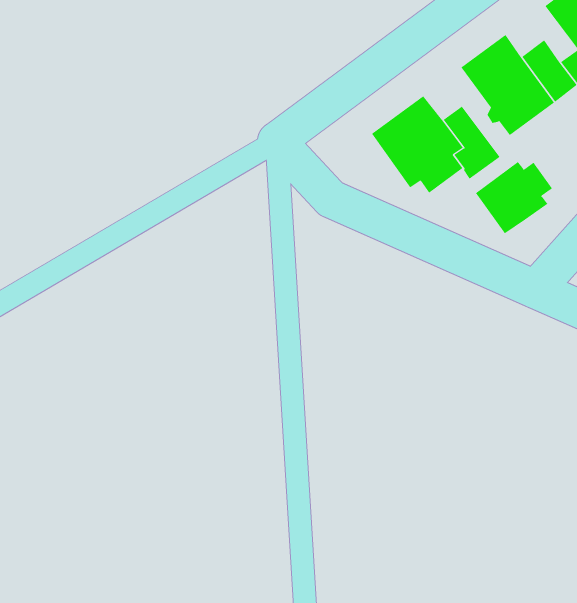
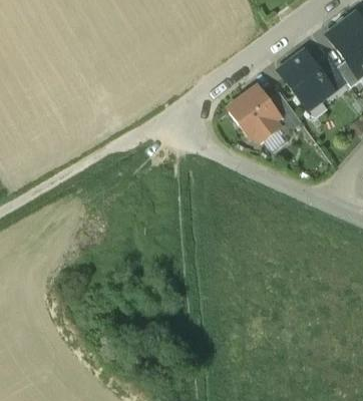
building: [475,161,554,234] -> none

